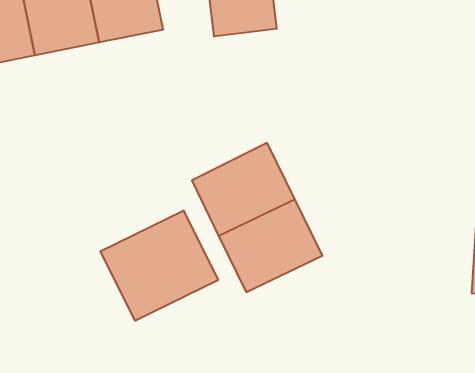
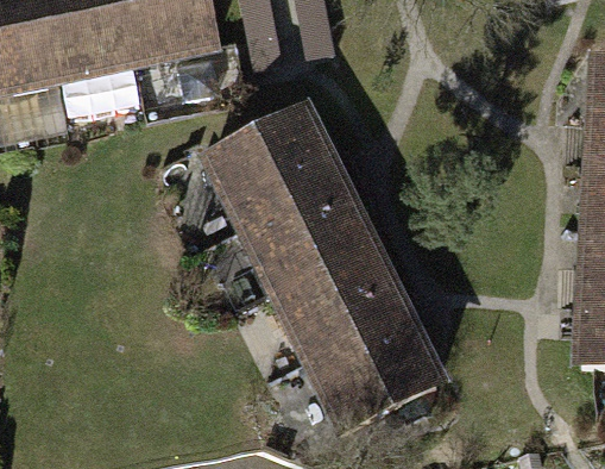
building: none -> [209,110,333,221]
building: [101,210,218,321] -> none
building: none -> [308,312,431,424]

